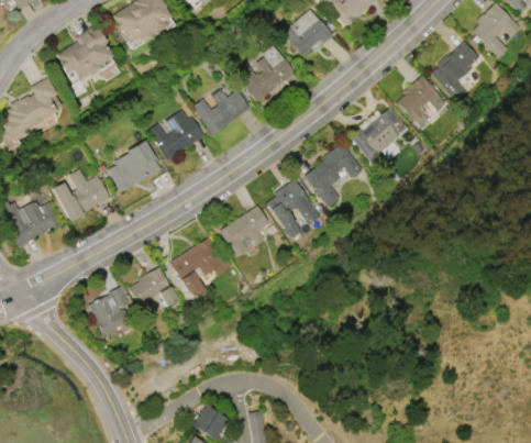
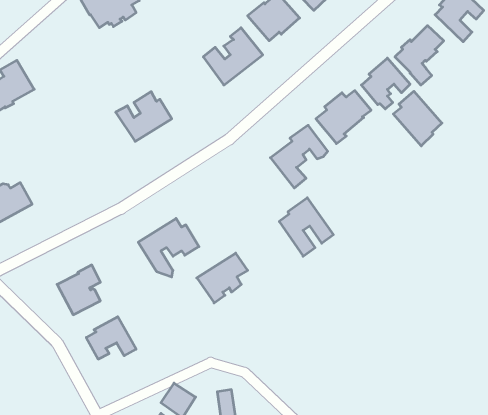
building: [57,26,114,80] -> none
building: [193,89,251,134] -> none
building: none -> [393,91,442,146]
building: [108,140,162,192] -> none
building: [53,168,111,221] -> none
building: [266,178,321,237] -> [279,198,333,256]
building: [219,206,270,256] -> [197,253,248,303]
building: [129,266,179,309] -> [86,317,136,359]

